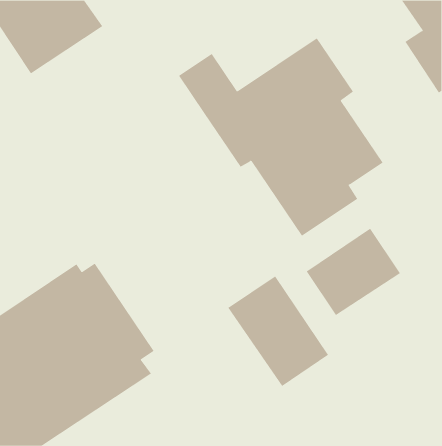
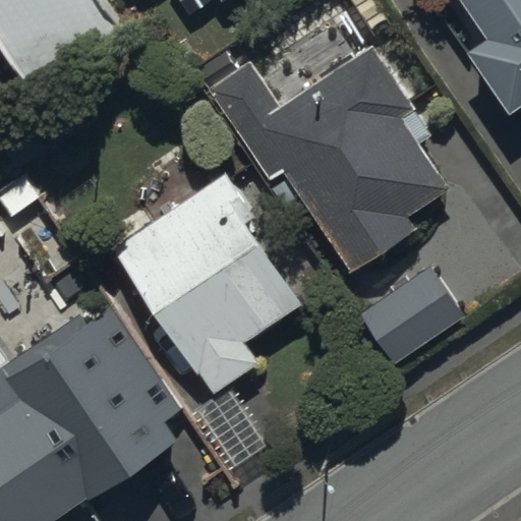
building: none -> [115,179,300,395]
building: [228,275,329,387] -> none

